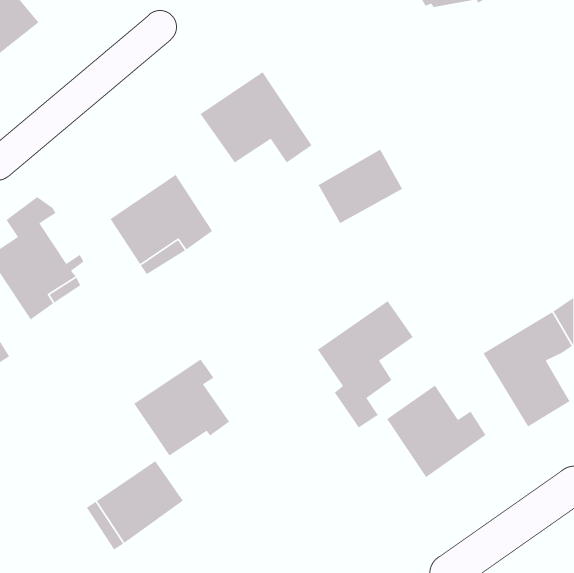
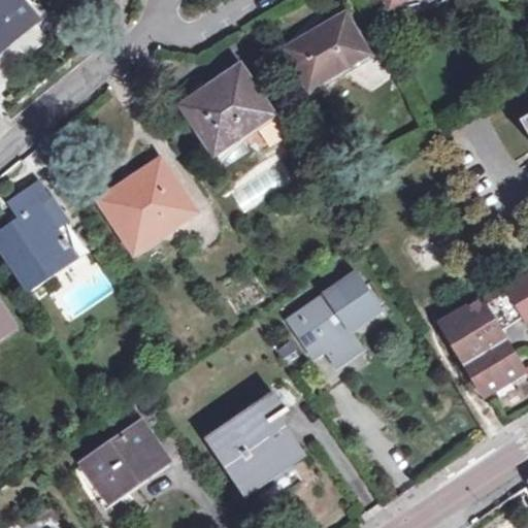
building: [317,149,403,224] -> [287,14,365,84]
building: [133,359,230,457] -> [208,394,297,484]
building: [386,385,487,478] -> none

